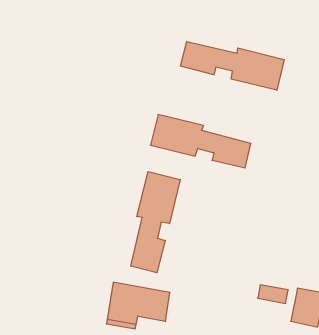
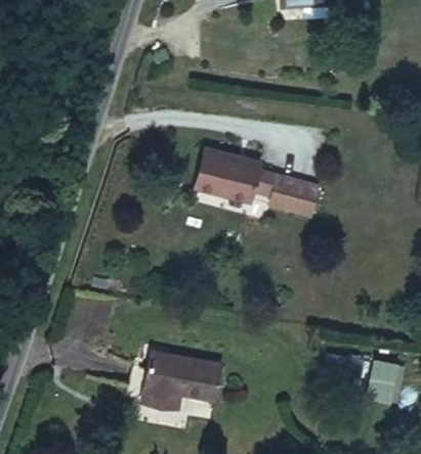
building: [181,41,284,90] -> none
building: [131,172,180,273] -> none

